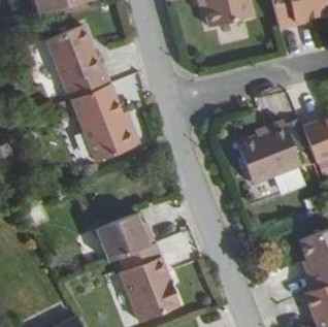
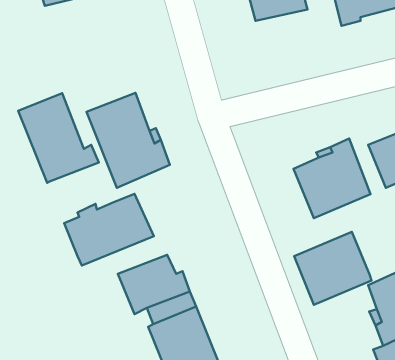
building: [45,26,111,99] -> [18,93,99,183]
building: none -> [64,194,154,265]
building: none -> [294,232,371,305]

